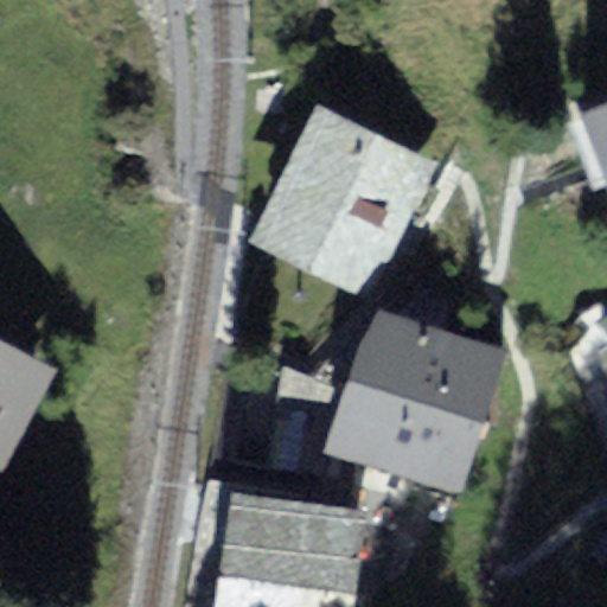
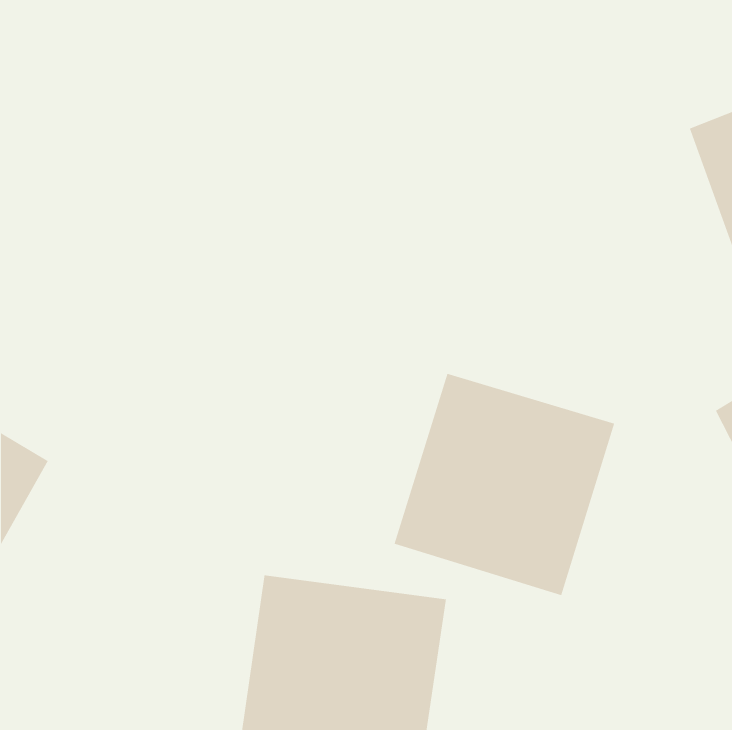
building: [250,111,428,290] -> none

